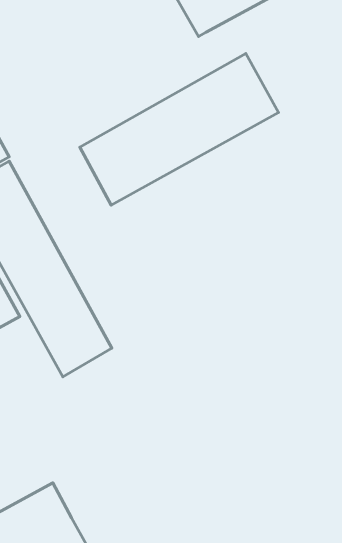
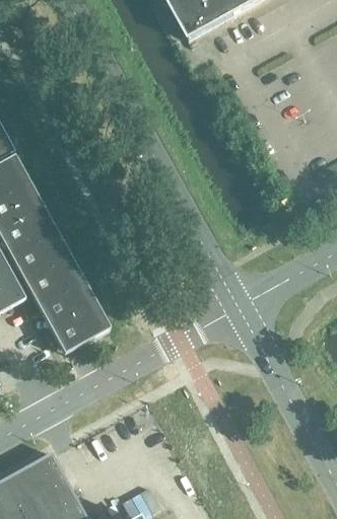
building: [80,54,278,205] -> none

